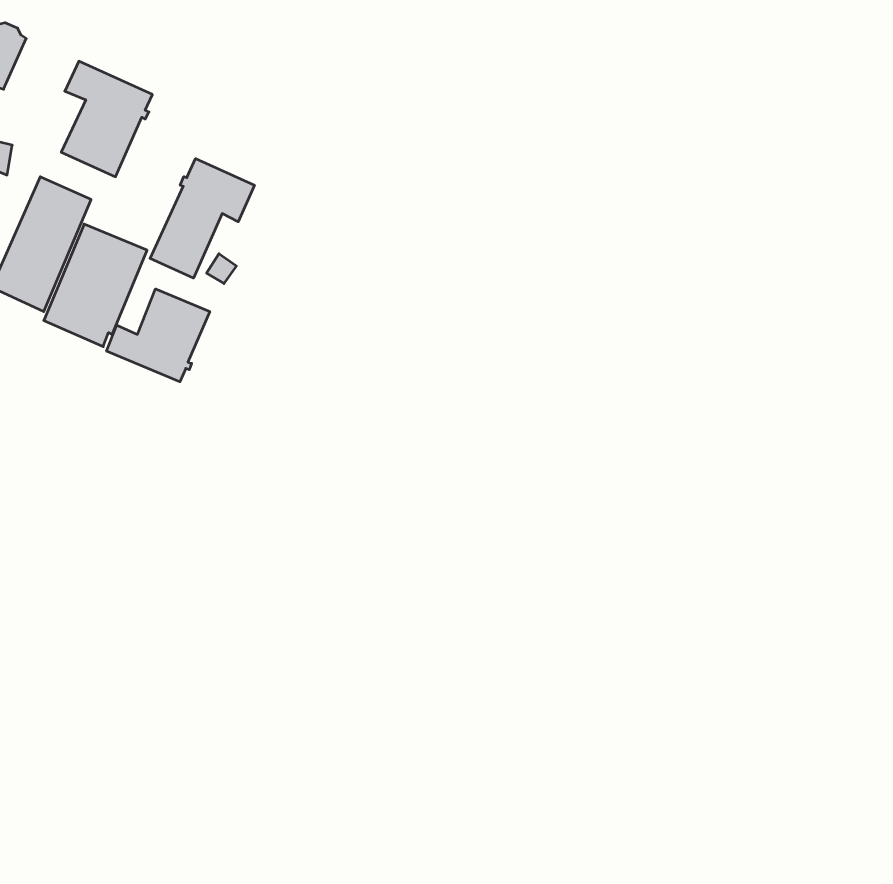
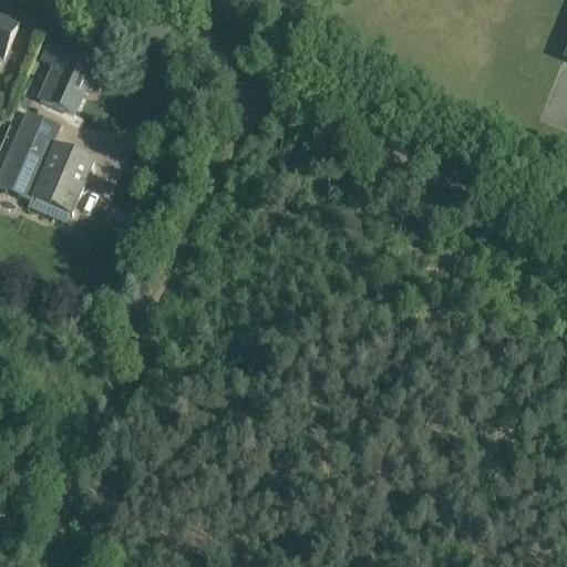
building: [150,159,254,278] -> none
building: [107,289,210,382] -> none

